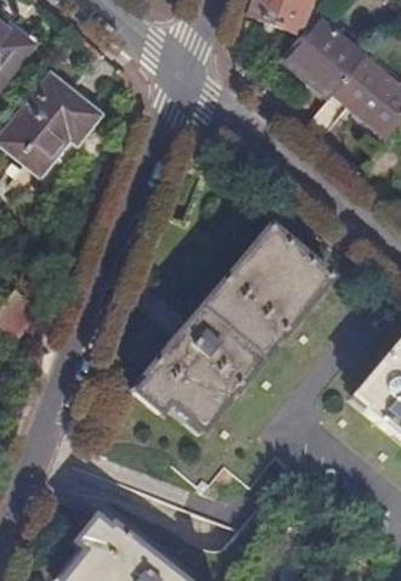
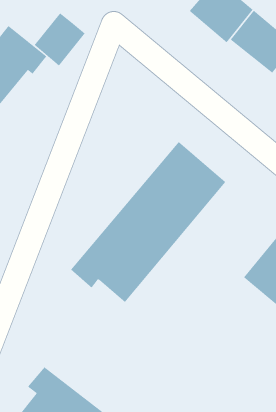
building: none -> [34,13,86,67]

